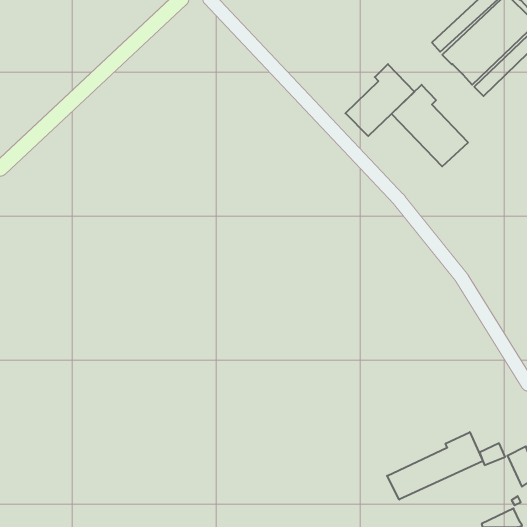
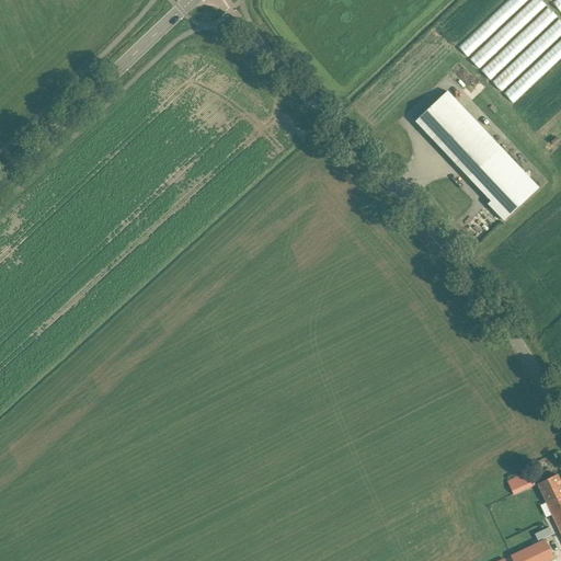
building: [345,64,414,136] -> none
building: none -> [470,147,539,219]
building: [387,432,483,500] -> none

